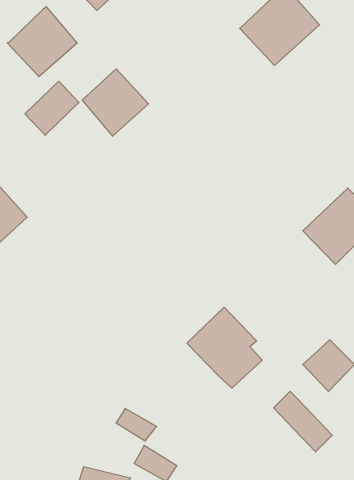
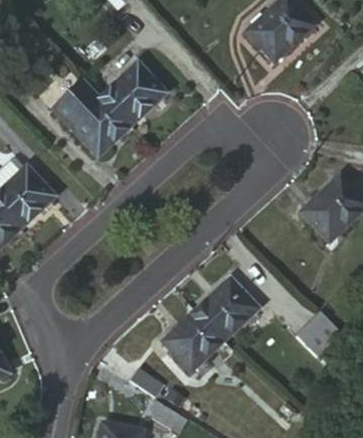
building: [7,7,77,77] -> [66,94,129,156]
building: none -> [163,311,223,372]
building: [274,391,332,452] -> none

